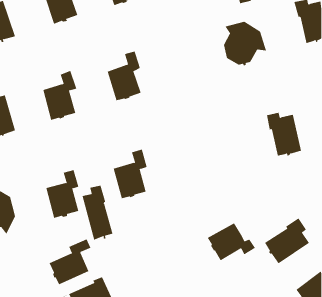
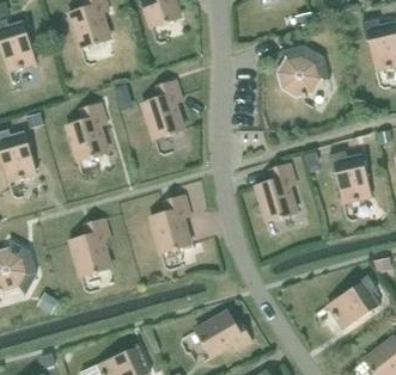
building: none -> [255,162,296,221]
building: [82,185,113,241] -> none
building: [207,222,256,261] -> [195,311,252,356]
building: [49,238,91,285] -> none

